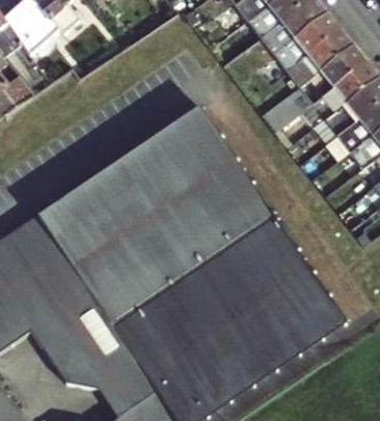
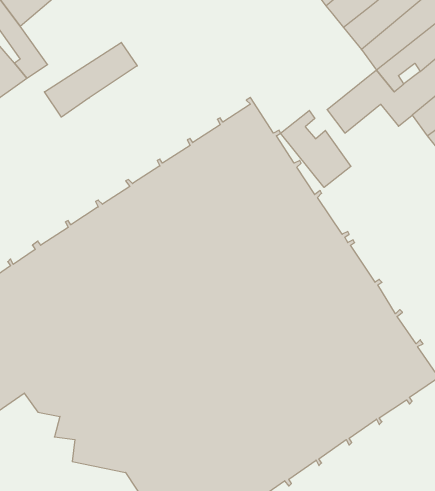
building: none -> [44,42,137,117]
building: none -> [281,110,351,187]

